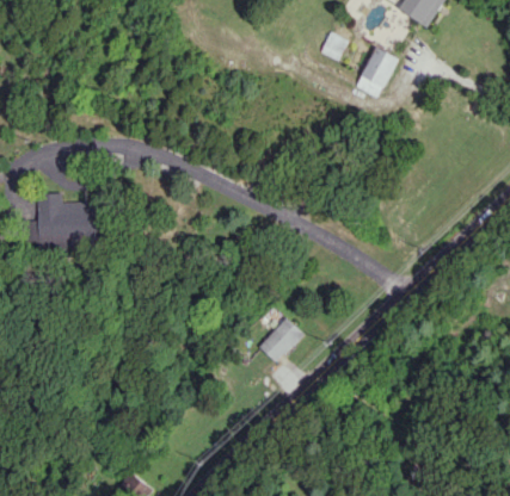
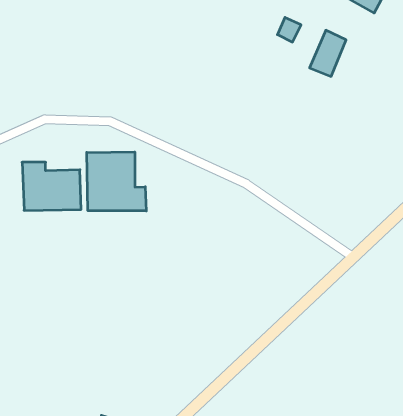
building: none -> [87,152,146,211]
building: [258,317,302,362] -> none

